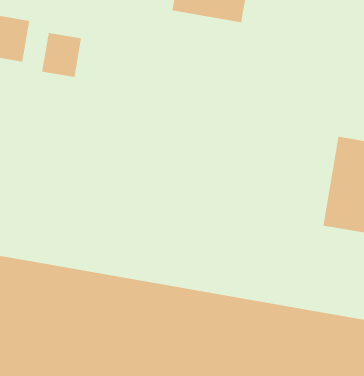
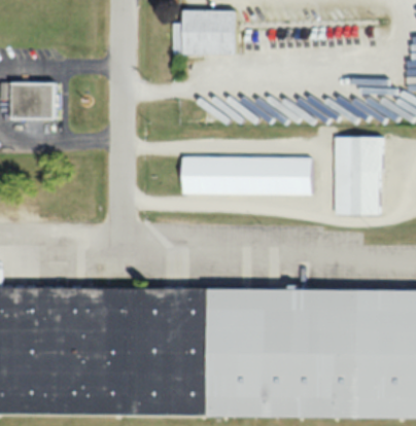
building: [41,32,82,78] -> none
building: none -> [180,157,310,196]

